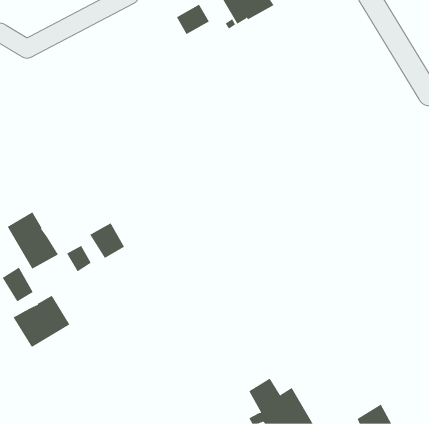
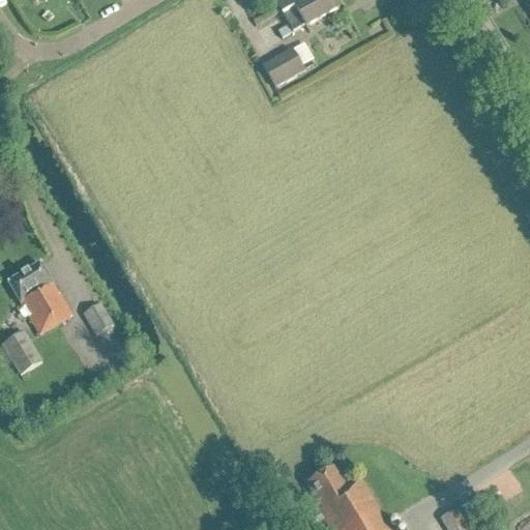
building: [176,4,210,35] -> [262,48,303,86]
building: [90,222,125,259] -> none
building: [13,295,70,348] -> none

